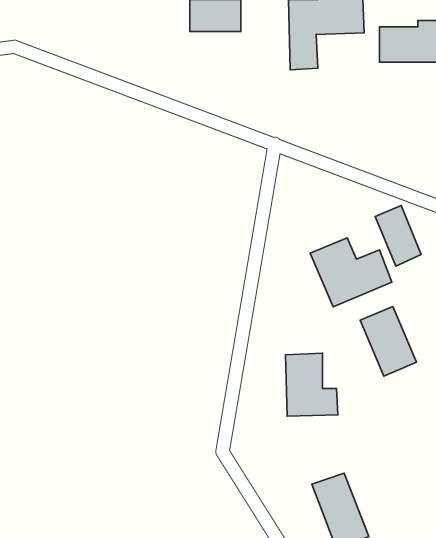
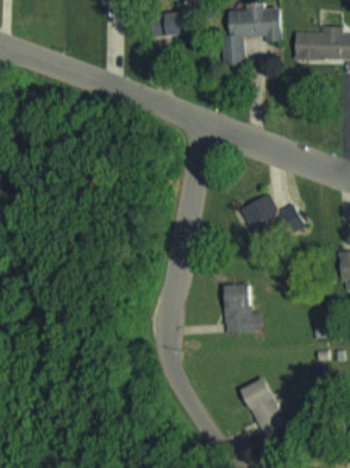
building: [375,206,421,266] -> none
building: [360,306,416,376] -> none

